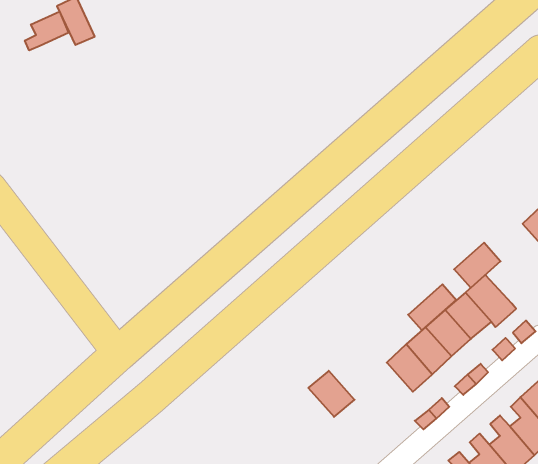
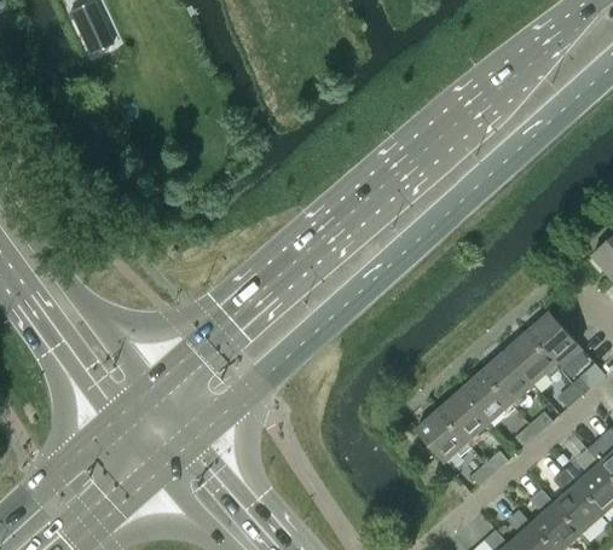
building: [25,11,69,50] -> none
building: [454,243,501,288] -> none
building: [408,284,456,330] -> none
building: [308,371,355,417] -> [416,410,468,462]

